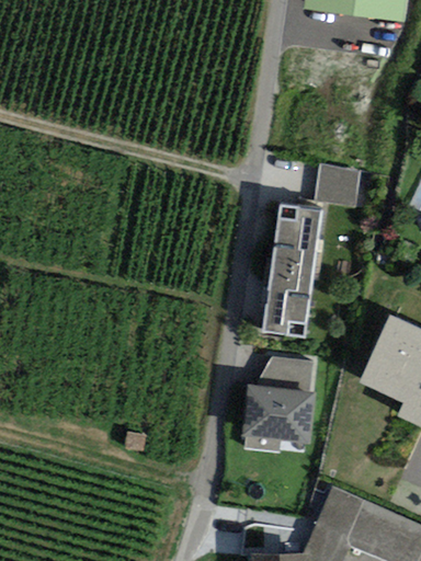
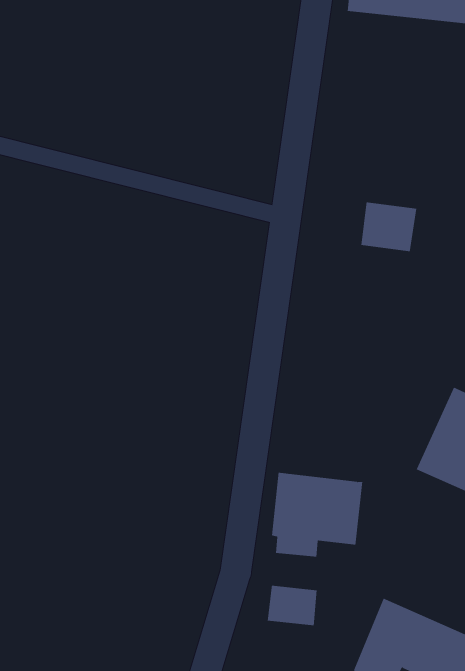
building: [261,204,321,337] -> none
building: [255,356,312,391] -> none
building: none -> [267,585,317,626]

